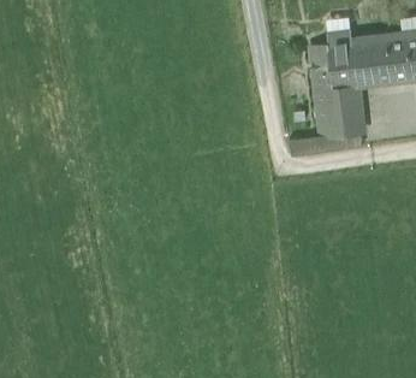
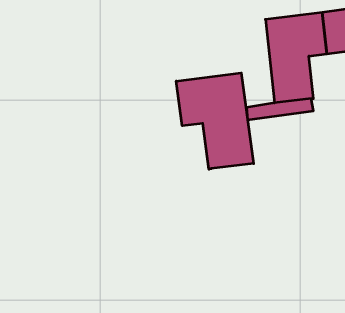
building: none -> [176,73,254,169]

